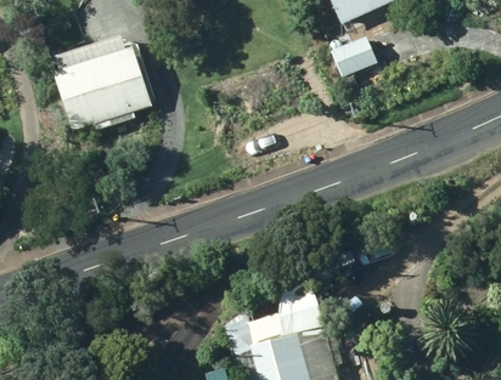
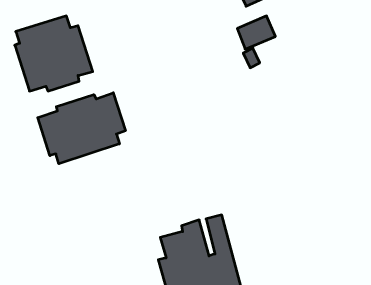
building: none -> [38,93,125,164]

